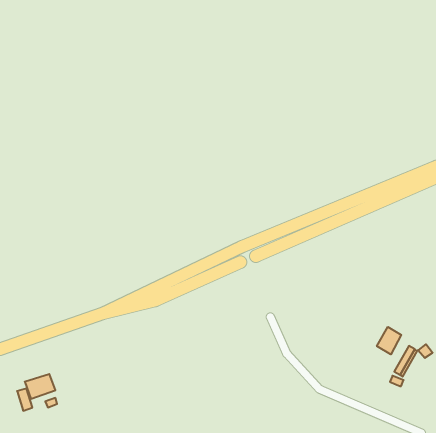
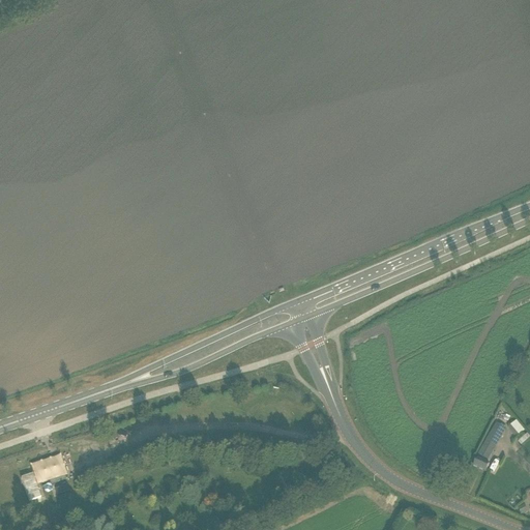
building: [377,327,401,354] -> none

